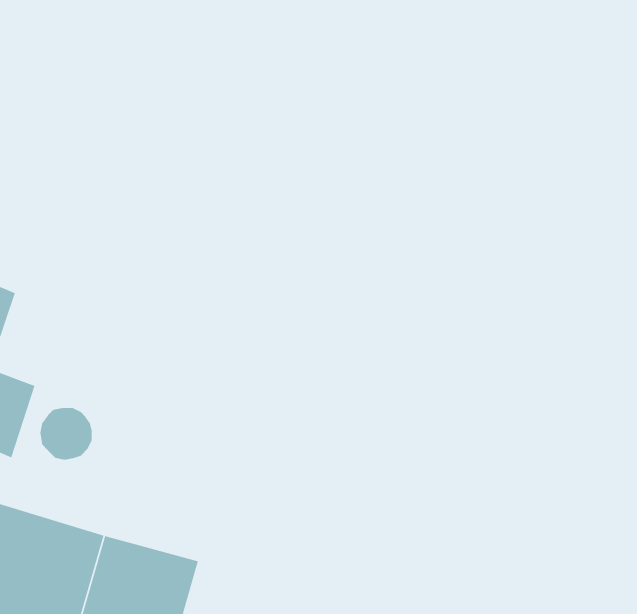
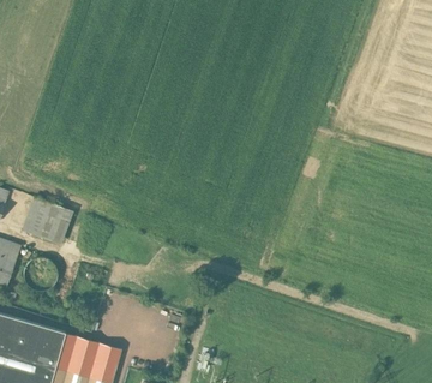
building: none -> [22,197,73,244]

